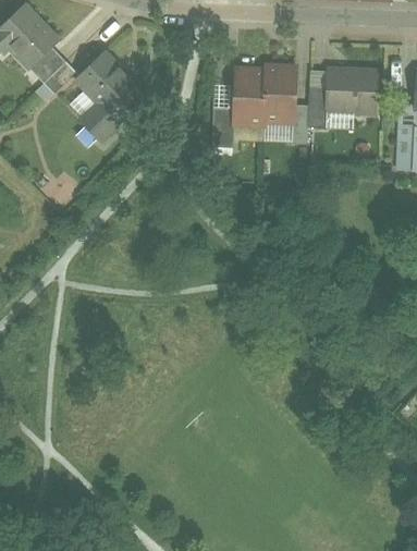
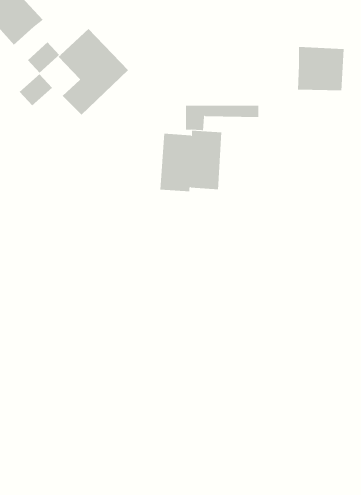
building: [26,46,62,81] -> [19,73,53,106]
building: [231,61,297,126] -> [159,130,222,192]
building: [307,86,328,127] -> none

